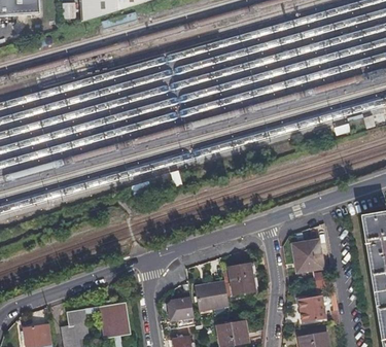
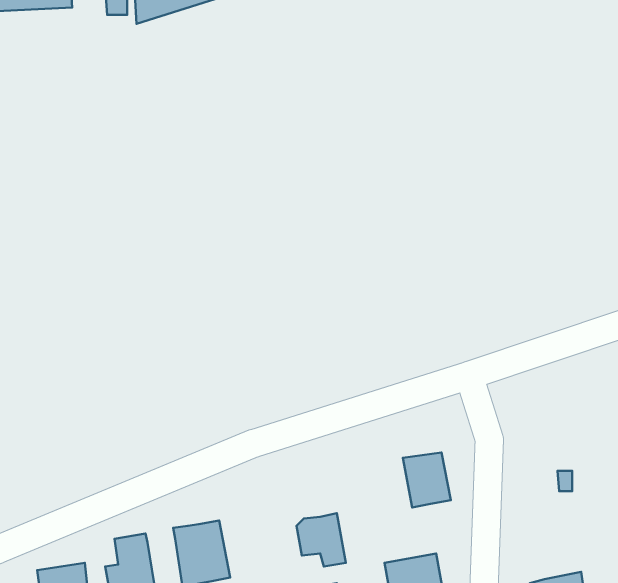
building: [292,238,320,268] -> none
building: [194,279,227,310] -> none
building: [301,296,324,322] -> none

